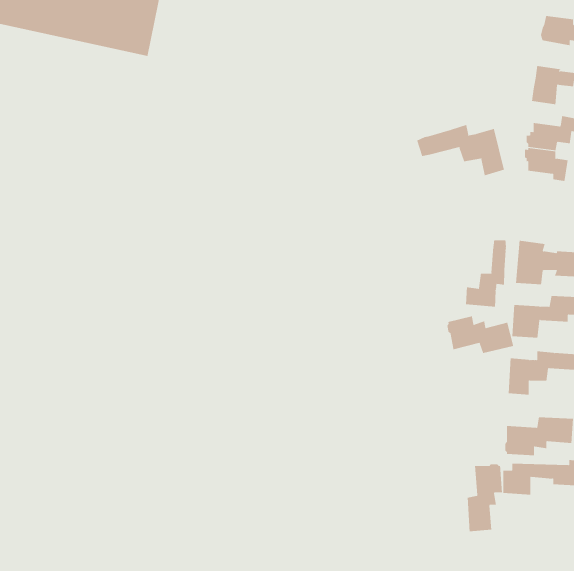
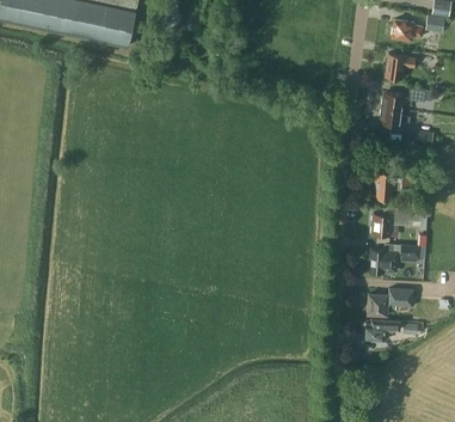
building: [416,124,505,176] -> none
building: [466,239,506,307] -> none
building: [447,315,514,354] -> none
building: [467,463,503,532] -> none

